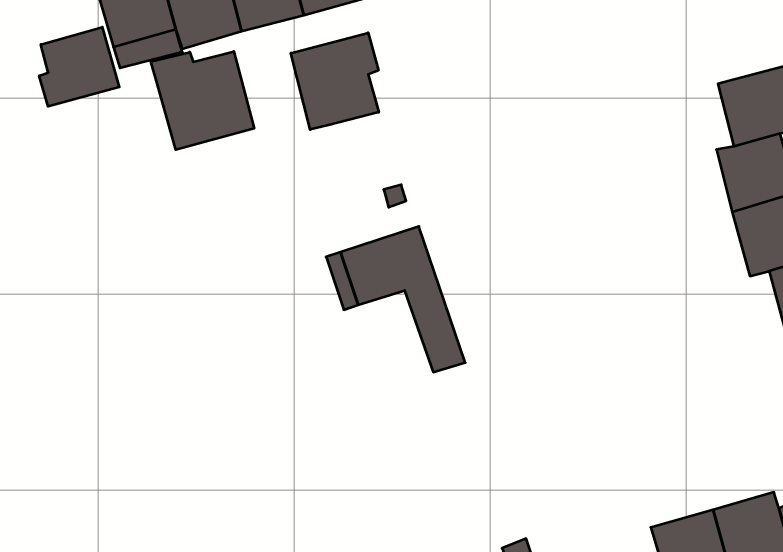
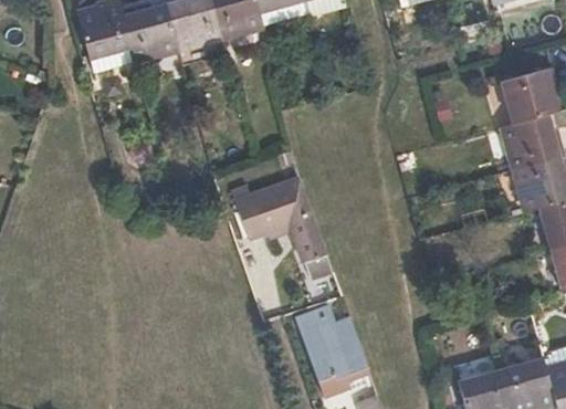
building: [39,27,119,106] -> none
building: [291,33,379,130] -> none
building: [151,51,254,150] -> none
building: none -> [294,303,364,397]

